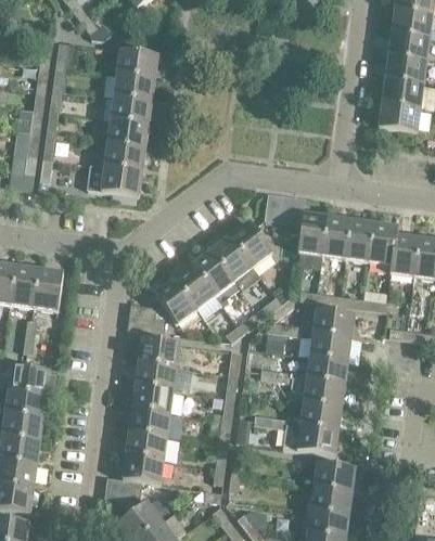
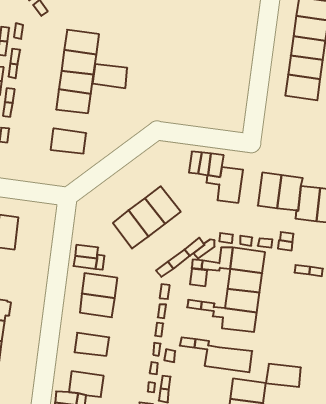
building: [104,143,145,171] -> [92,64,127,88]
building: [323,215,351,257] -> none
building: [231,220,273,265] -> none
building: [154,278,197,323] -> none
building: [132,384,174,413] -> none
building: [300,402,342,429] -> [266,364,301,387]
building: [126,430,167,459] -> none

